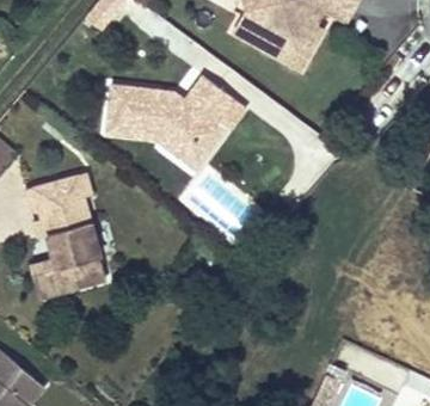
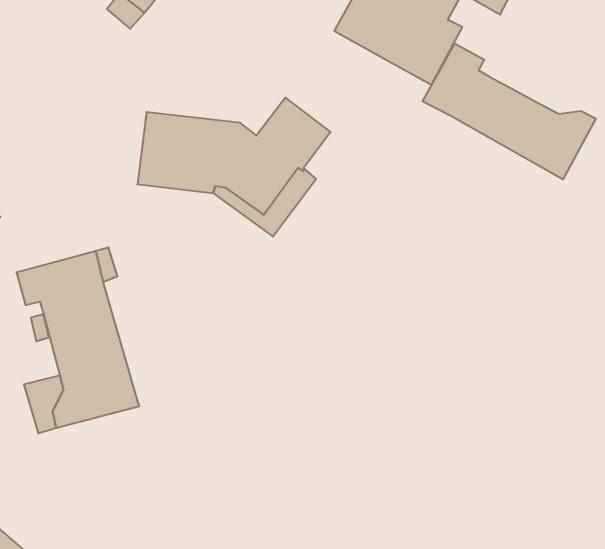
building: none -> [422,43,596,179]

